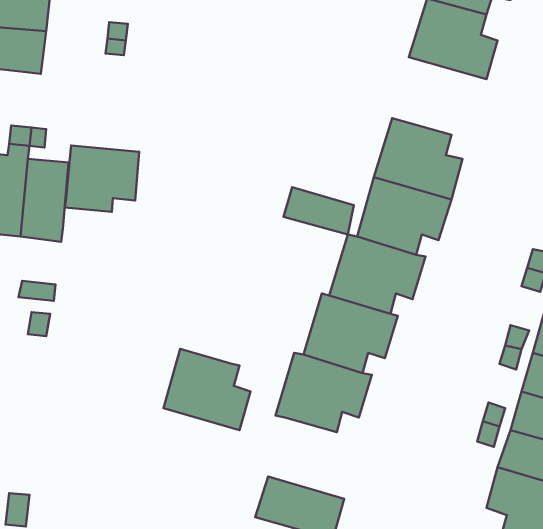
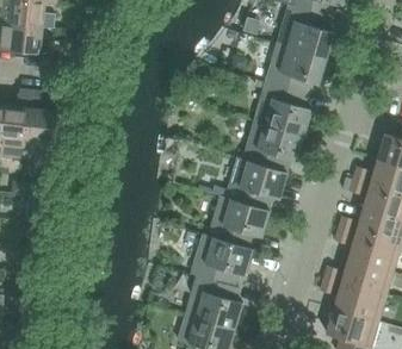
building: none -> [266,43,327,93]
building: [65,146,139,212] -> none
building: [284,187,354,234] -> none
building: [164,349,250,430] -> [186,275,242,328]

